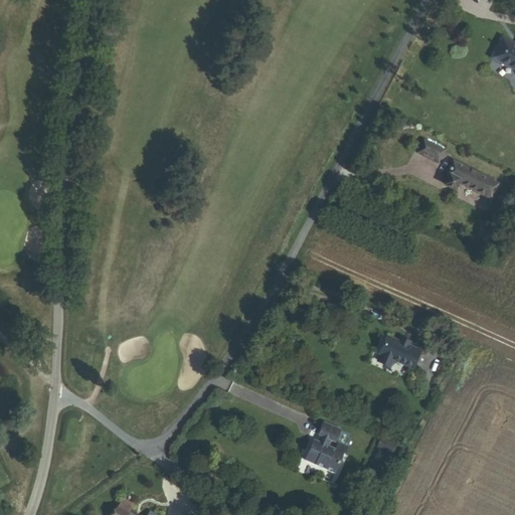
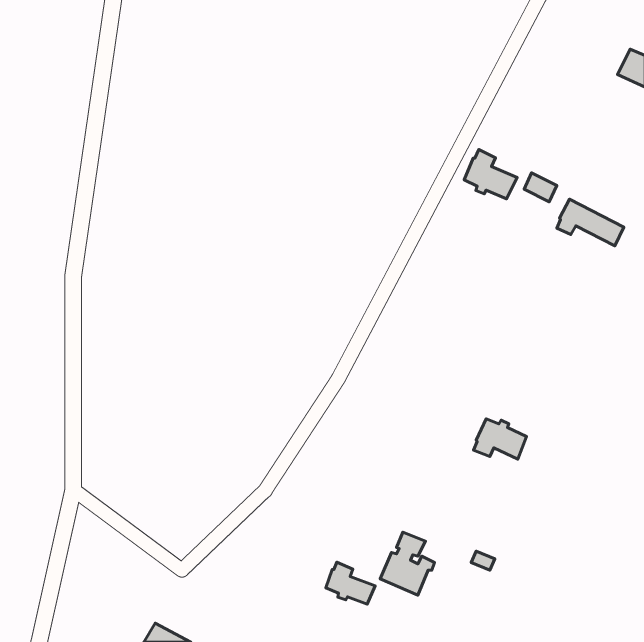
building: none -> [464,150,517,199]
building: none -> [326,562,375,604]

